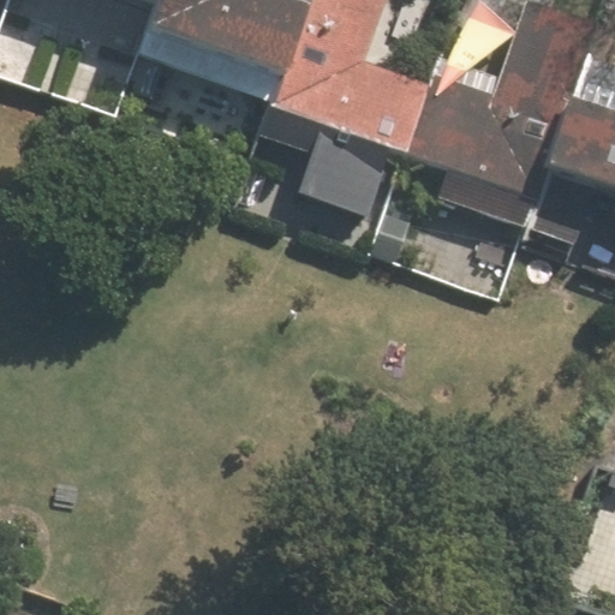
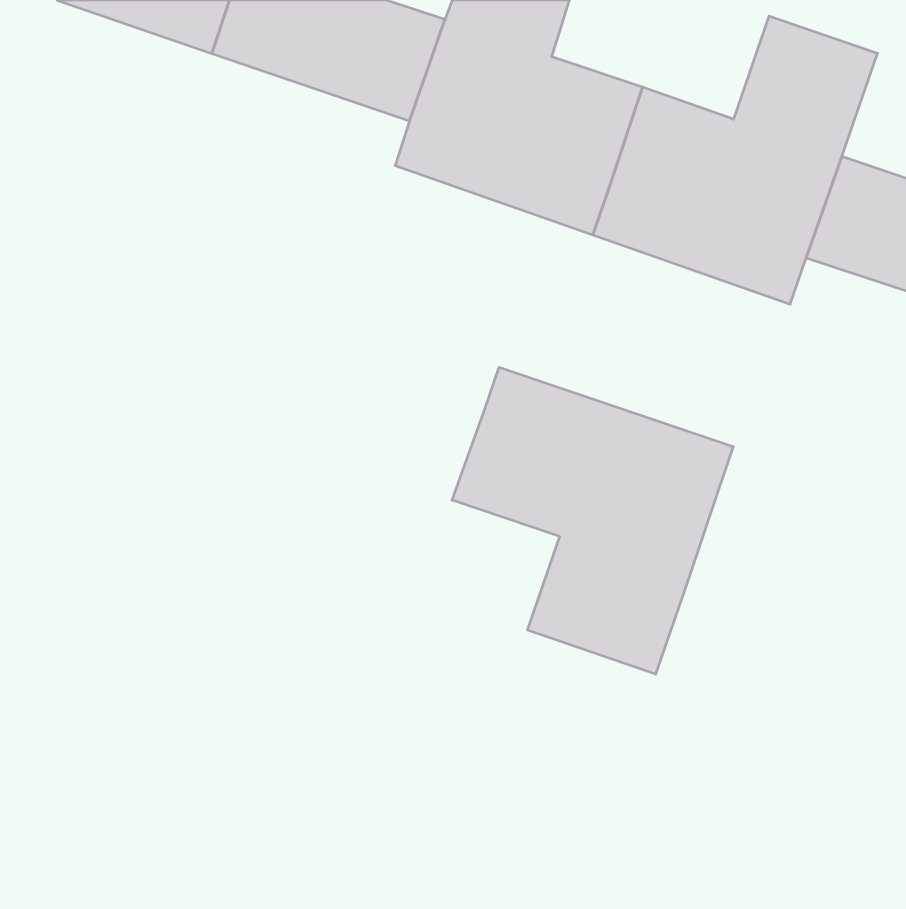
building: none -> [452,367,733,674]

